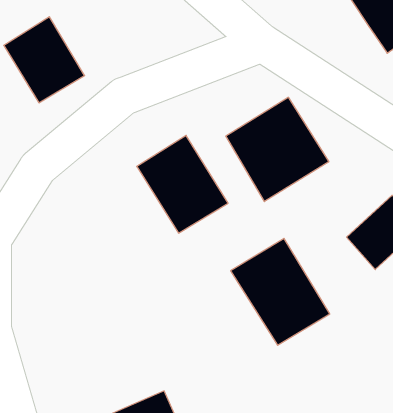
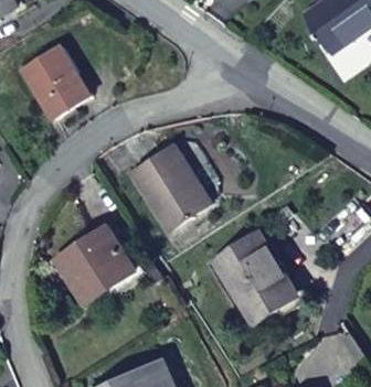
building: [226,97,329,202] -> none
building: none -> [56,225,135,301]

